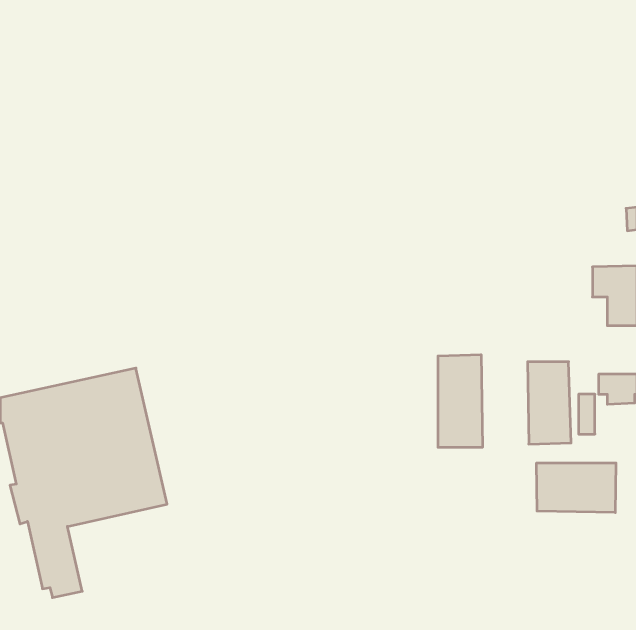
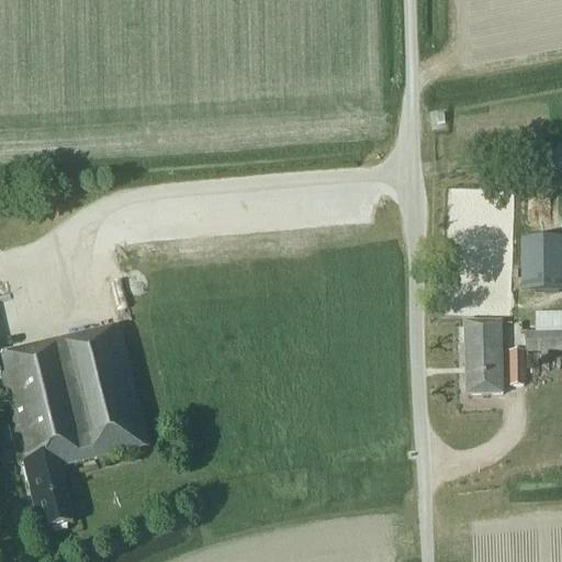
building: [438,355,482,447] -> none
building: [537,463,616,513] -> none

